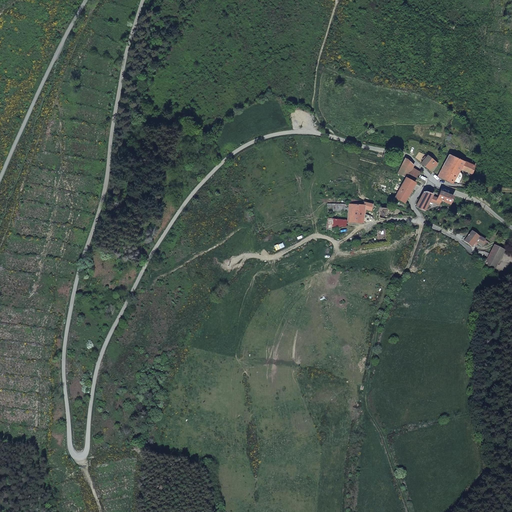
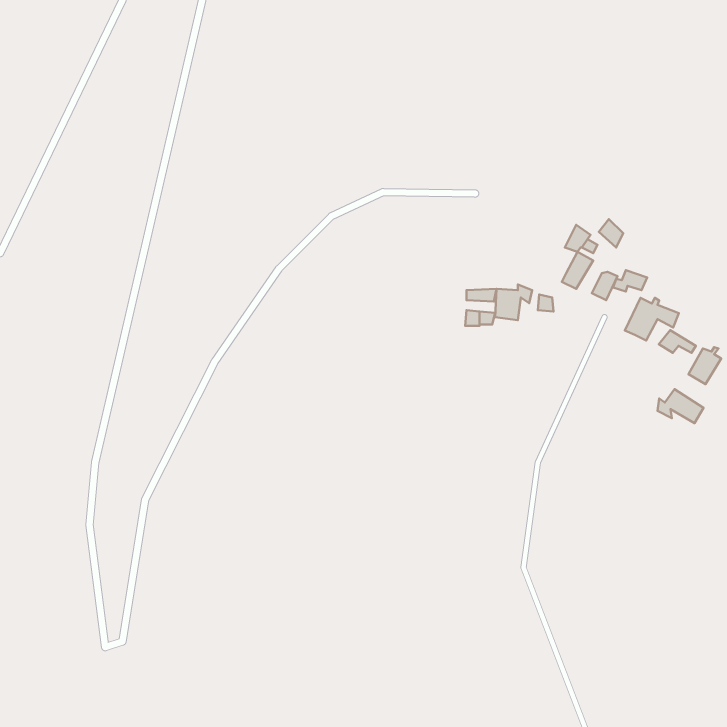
building: [438,154,476,184] -> [625,298,679,340]
building: none -> [658,389,704,423]

